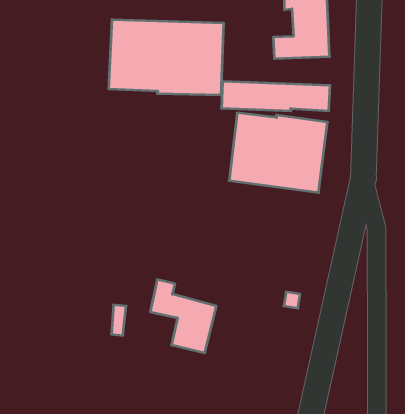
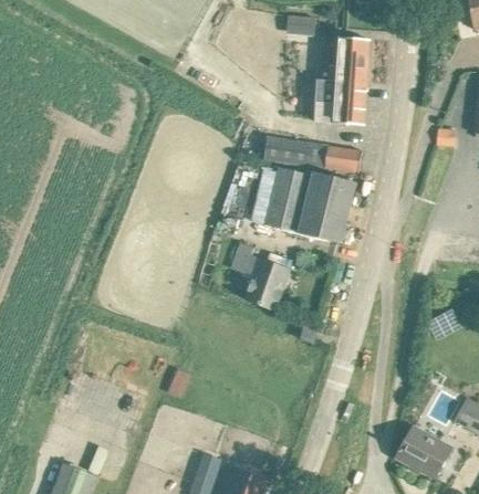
building: [109,19,224,95] -> none
building: [150,280,216,353] -> [230,241,289,309]

